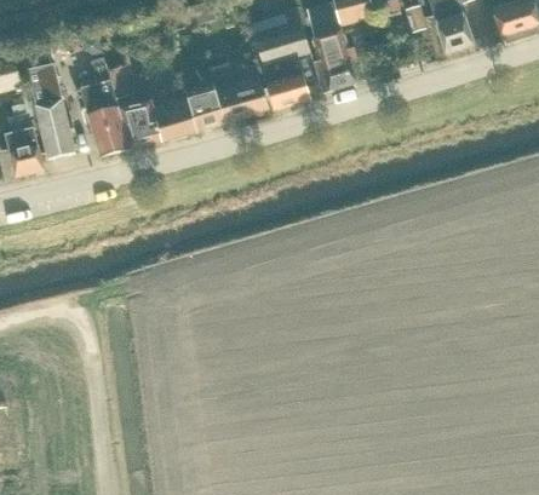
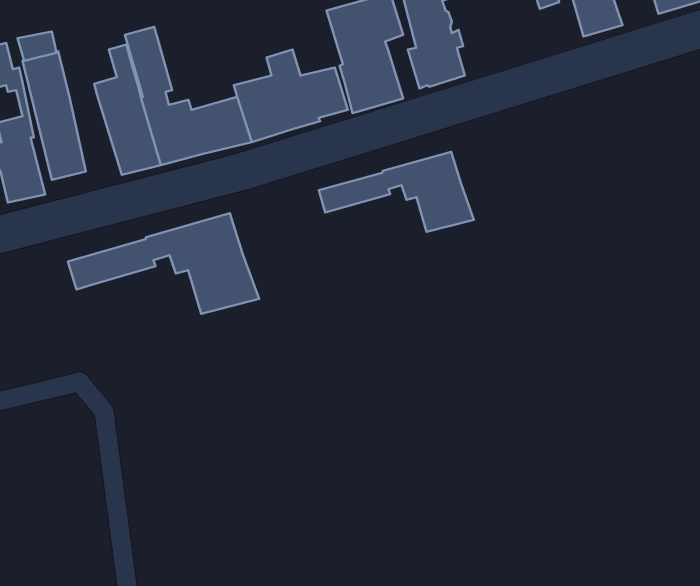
building: none -> [319,152,474,232]
building: none -> [68,213,259,314]

